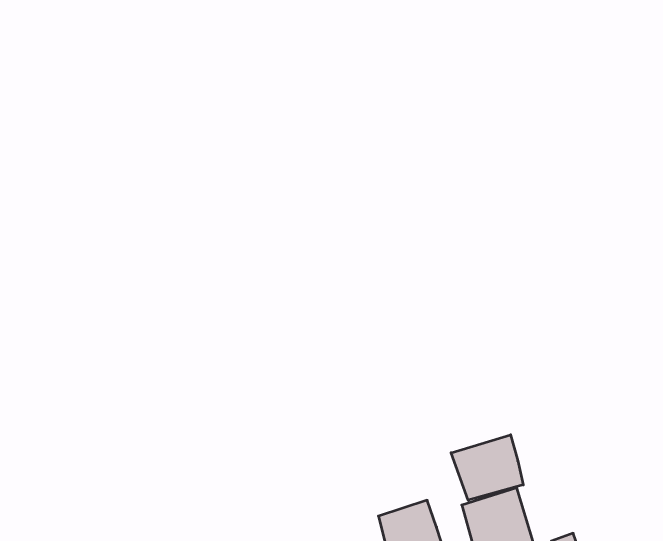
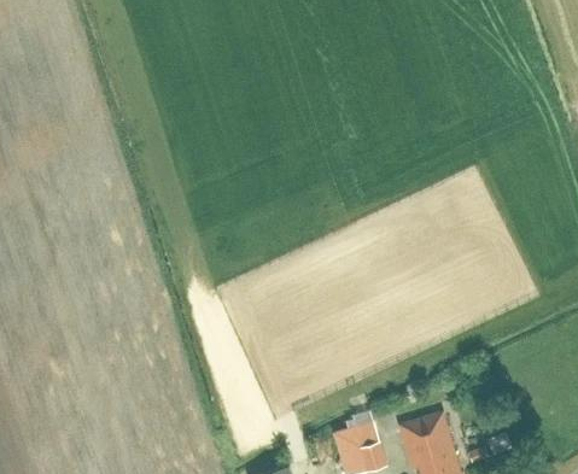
building: [451,435,523,500] -> none

